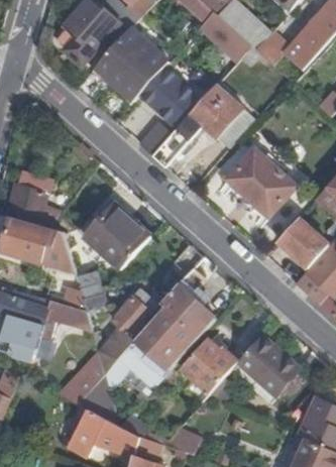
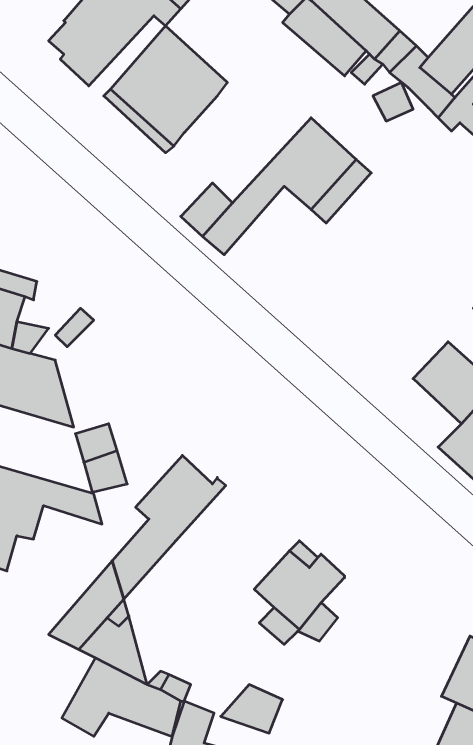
building: [140,71,197,121] -> none
building: [227,150,295,217] -> none
building: [84,203,150,268] -> none
building: [135,284,214,375] -> none
building: [237,334,297,395] -> none

